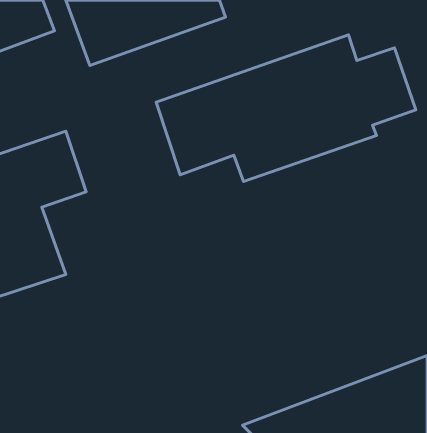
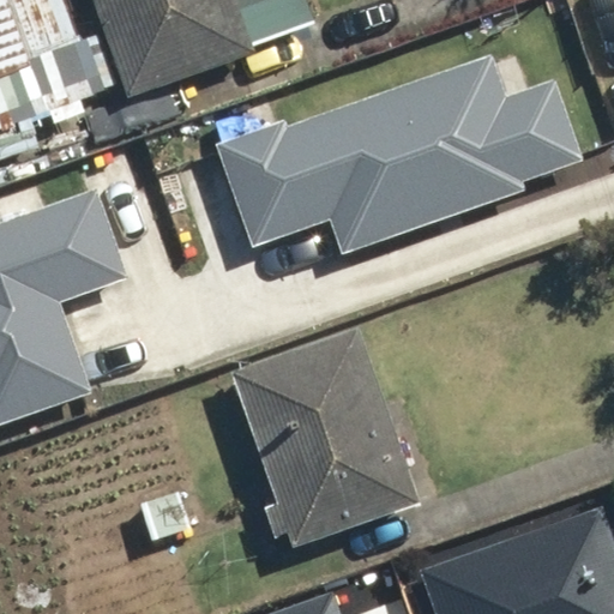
building: none -> [234,324,421,543]

